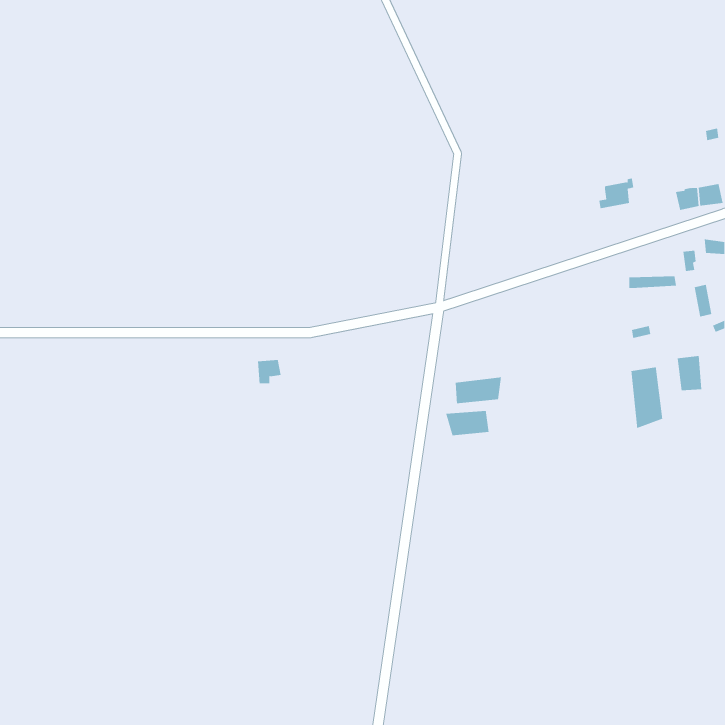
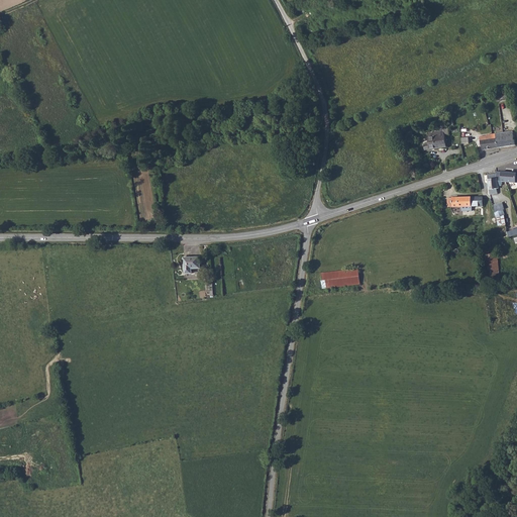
building: [631,367,663,429] -> none
building: [446,410,489,436] -> none

